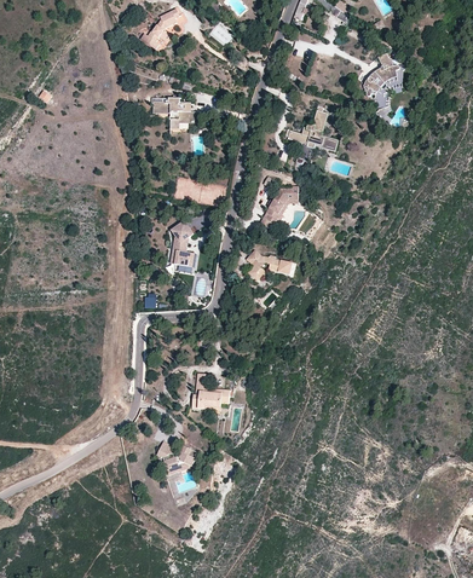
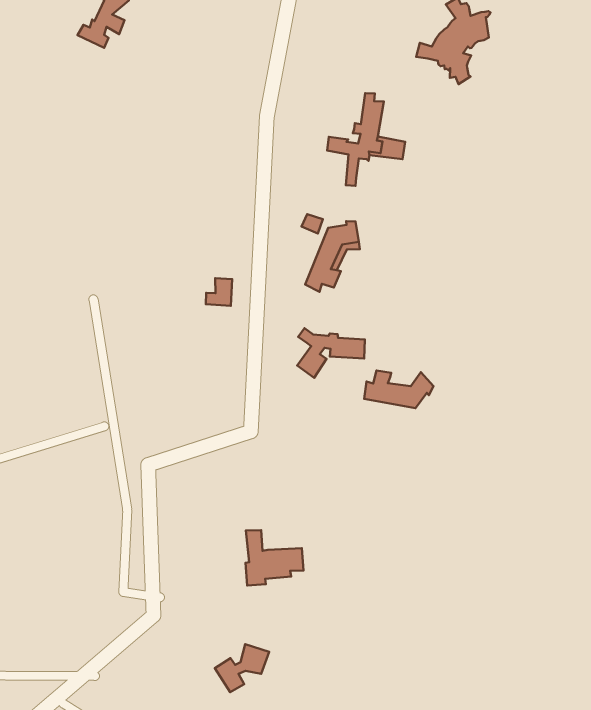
building: [152,97,198,128] -> none
building: [169,220,194,267] -> none
building: none -> [364,370,433,408]

